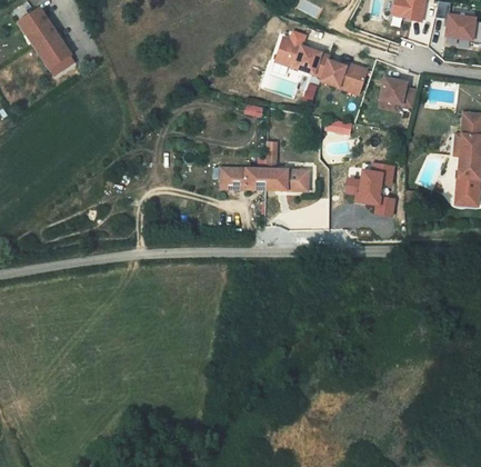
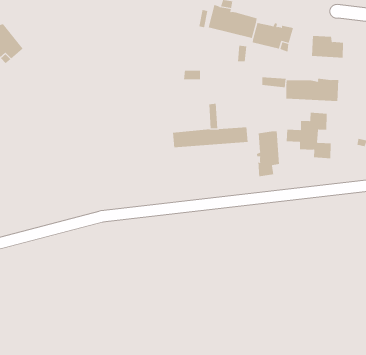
building: none -> [286,78,339,102]
building: none -> [256,131,280,177]

